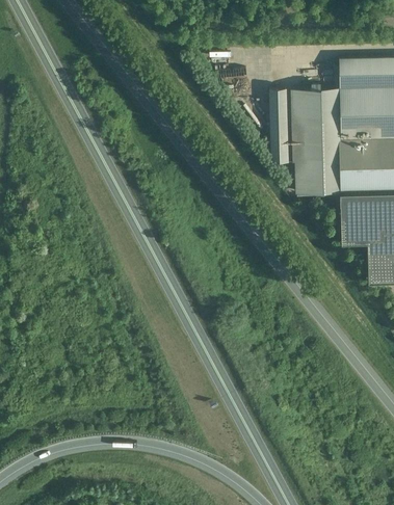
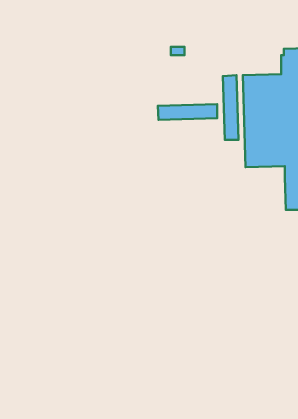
building: none -> [158,104,217,120]

